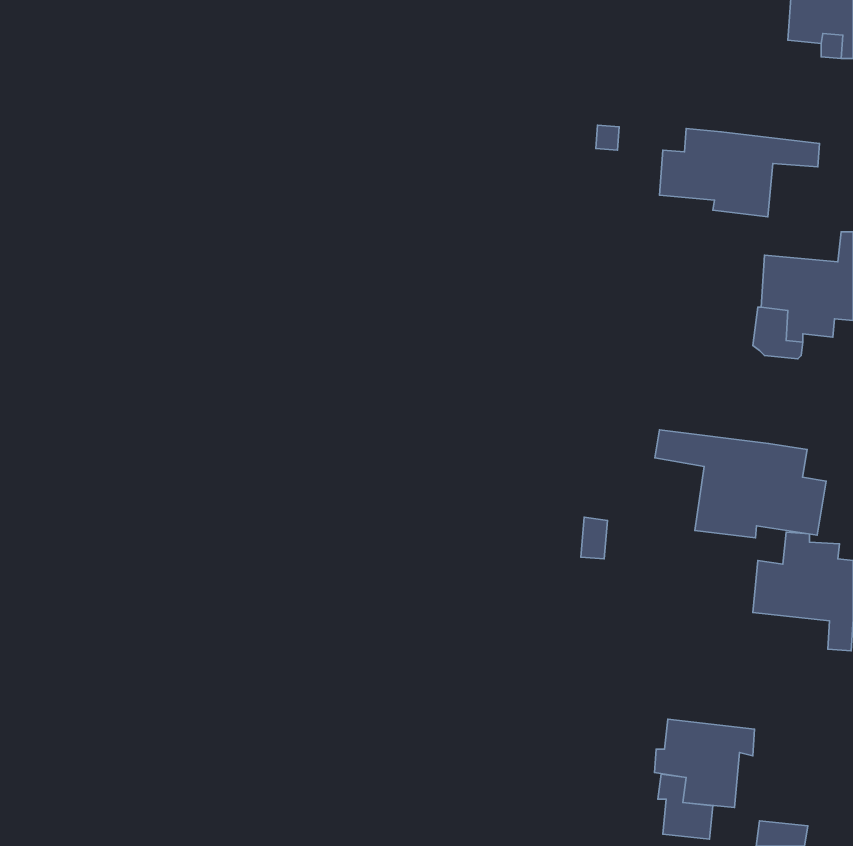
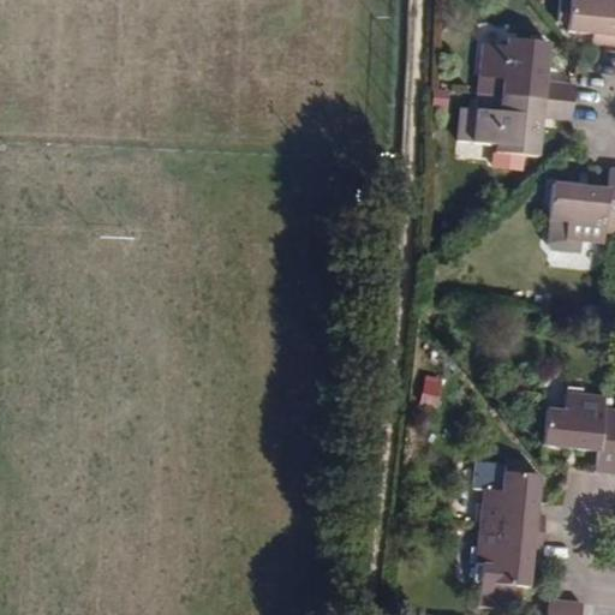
building: none -> [495,40,591,103]
building: [655,430,826,538] -> none
building: none -> [477,464,545,525]

